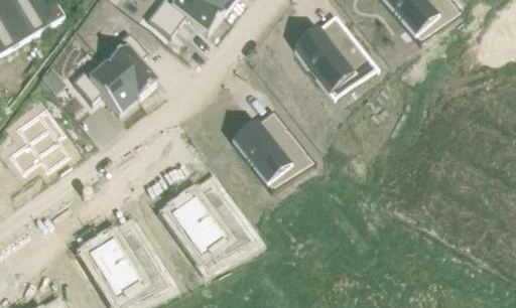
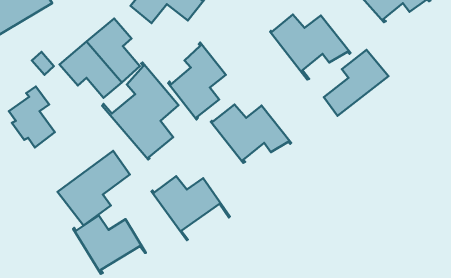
building: none -> [168,42,226,120]
building: none -> [324,50,388,116]
building: none -> [102,63,178,159]
building: none -> [58,151,130,226]

